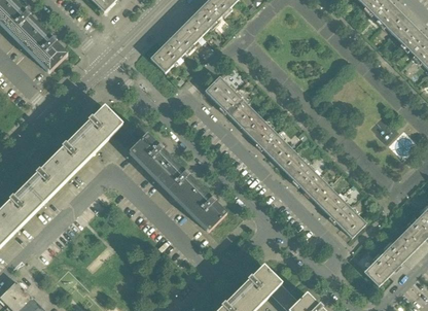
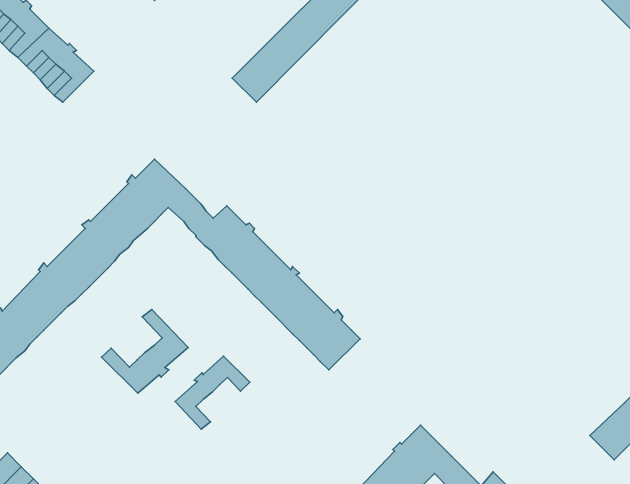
building: [205,76,365,237] -> none
building: none -> [102,310,188,393]
building: none -> [175,356,250,429]

